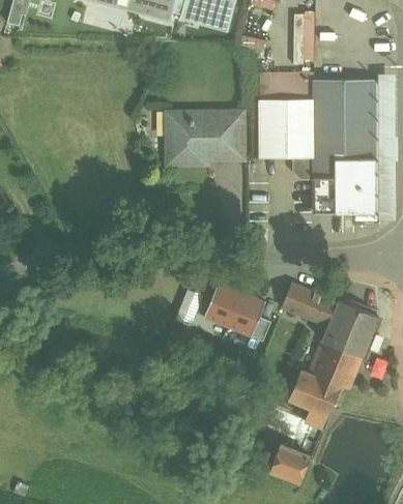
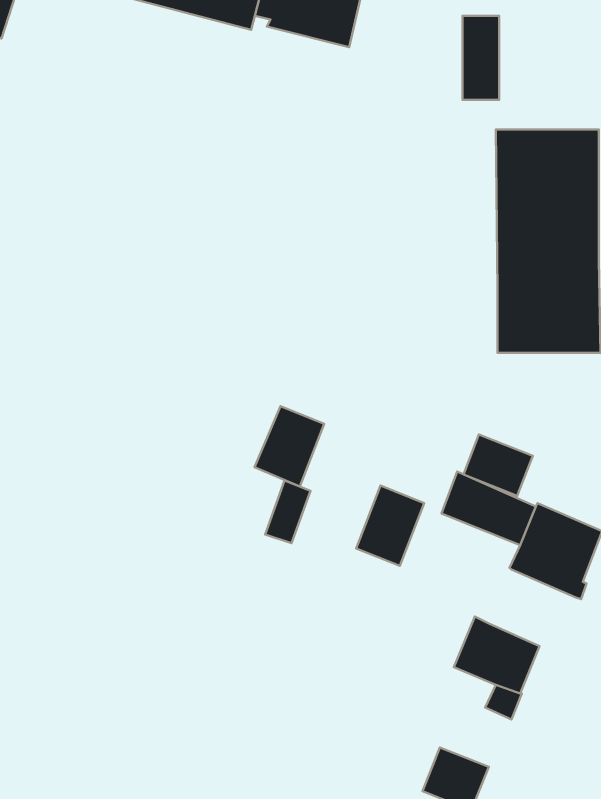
building: [260,72,314,175] -> none
building: [167,114,241,162] -> none
building: none -> [463,434,533,496]
building: [203,280,244,328] -> [254,406,324,487]
building: [309,340,361,390] -> none

